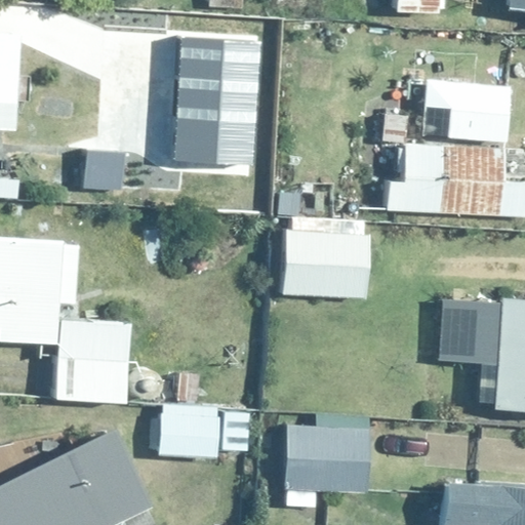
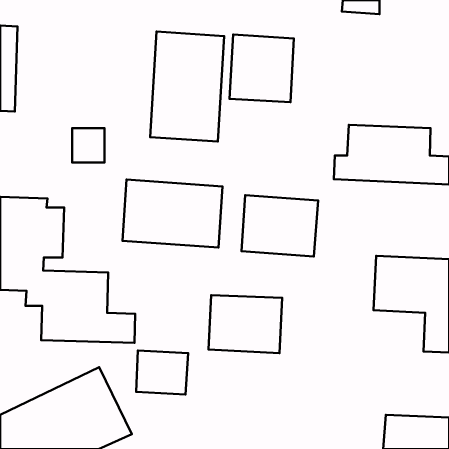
building: none -> [230,34,294,102]
building: [421,79,510,145] -> none
building: none -> [122,179,223,248]
building: [283,426,369,493] -> [208,295,282,353]

